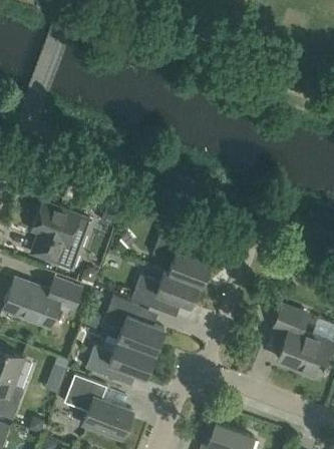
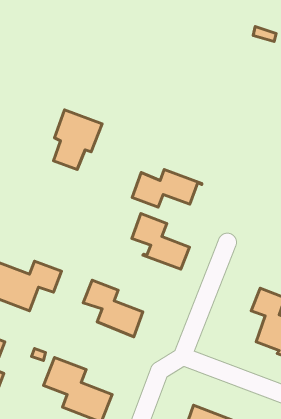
building: [32,203,81,264] -> [53,110,102,170]
building: [132,273,203,311] -> [132,170,202,207]
building: [86,340,155,379] -> none

